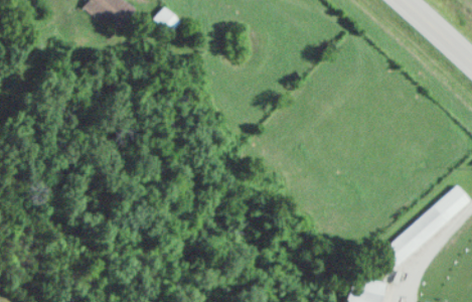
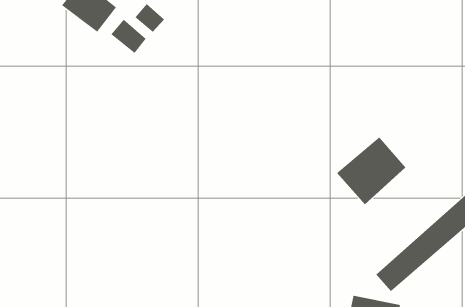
building: none -> [111,19,147,54]
building: none -> [336,137,406,205]

